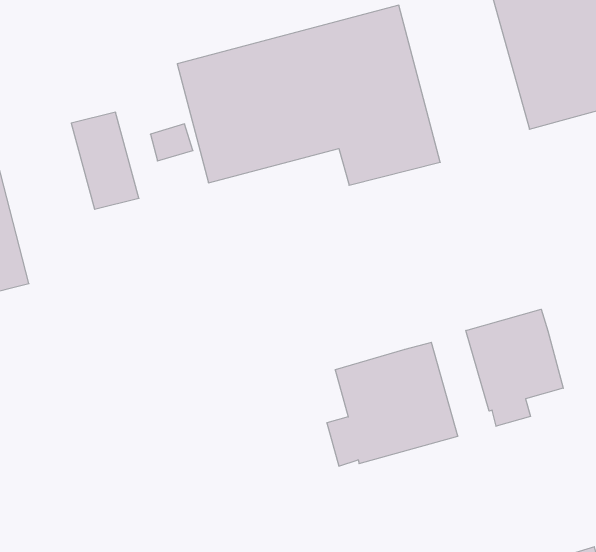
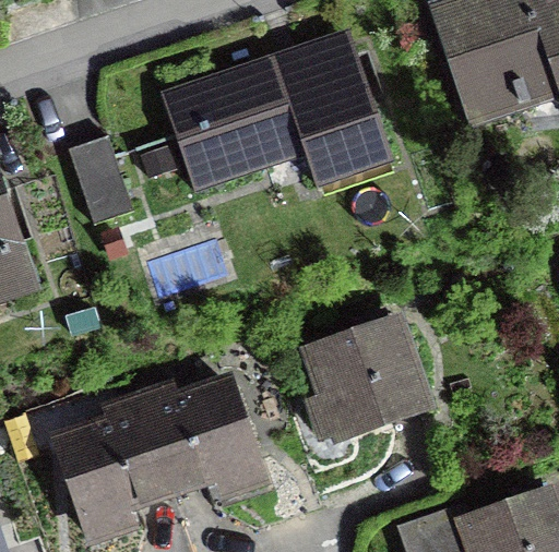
building: [466,309,563,426] -> none
building: none -> [60,380,252,517]

